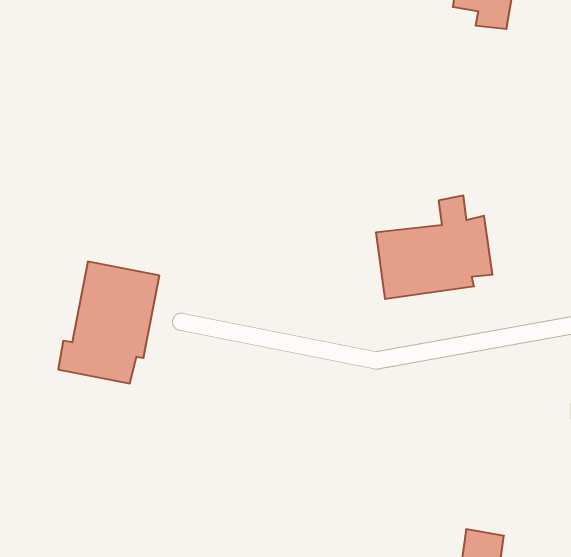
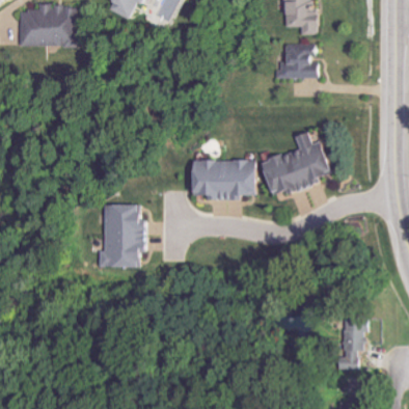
building: none -> [275,45,317,78]
building: none -> [193,159,254,199]

